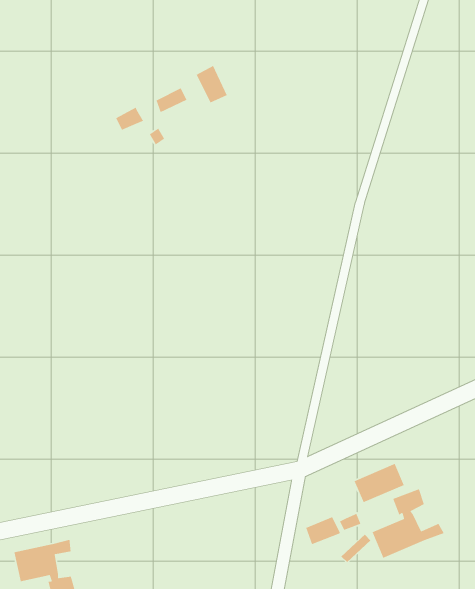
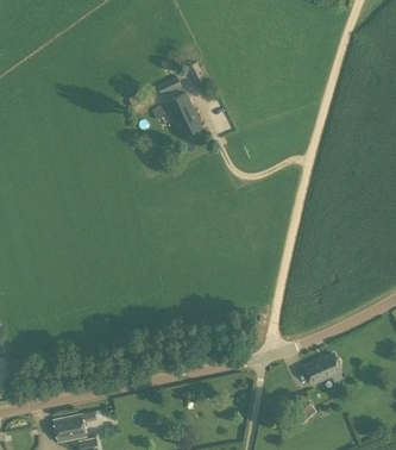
building: none -> [165,92,201,136]
building: [371,488,445,559] -> none

